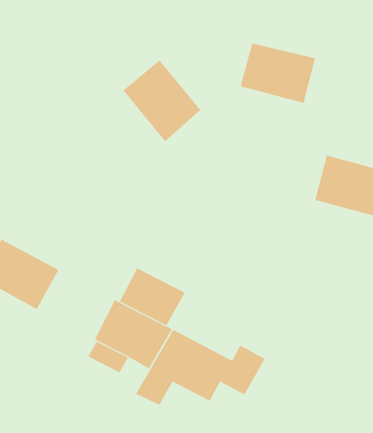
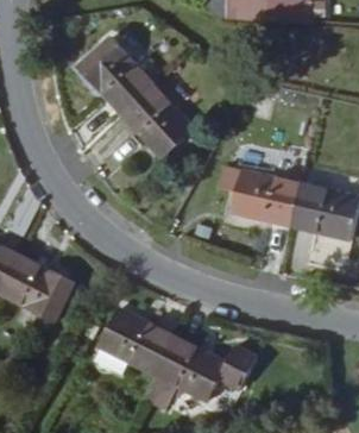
building: none -> [81,36,153,112]
building: [240,43,316,103] -> [237,157,307,213]
building: [119,267,185,326] -> none

